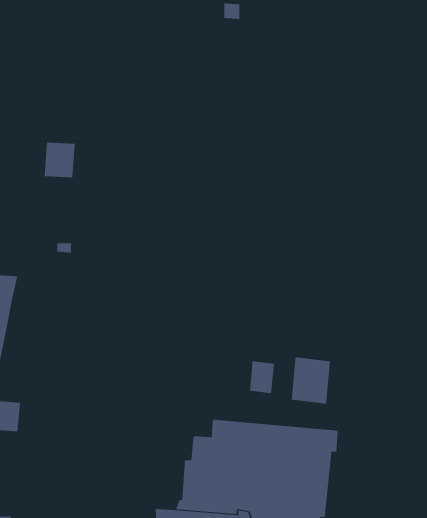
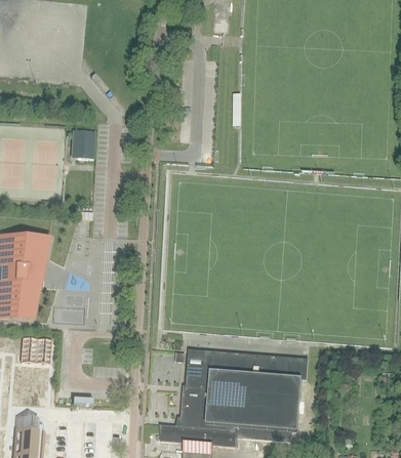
building: [291,357,330,404] -> none
building: [249,360,274,394] -> none

